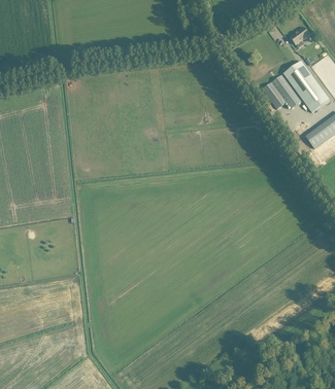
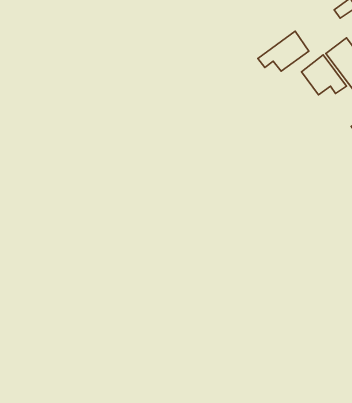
building: none -> [258,31,309,71]

